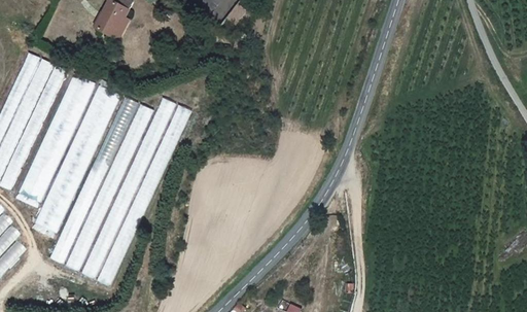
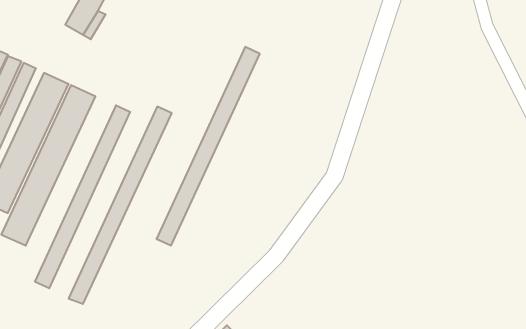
building: [49,97,138,265] -> none
building: [80,98,175,280] -> [156,47,260,246]

